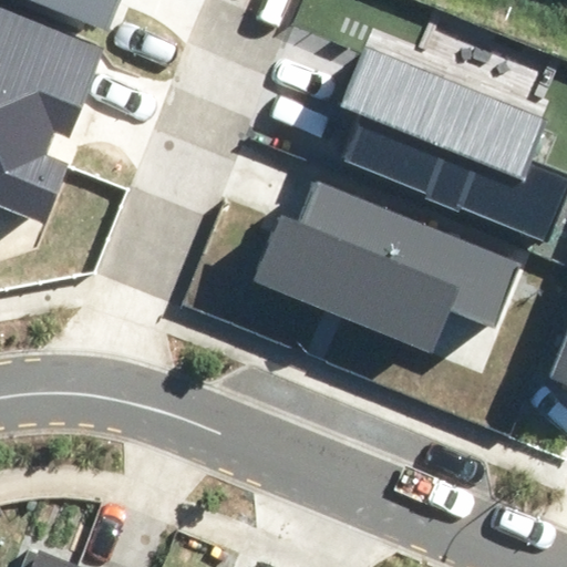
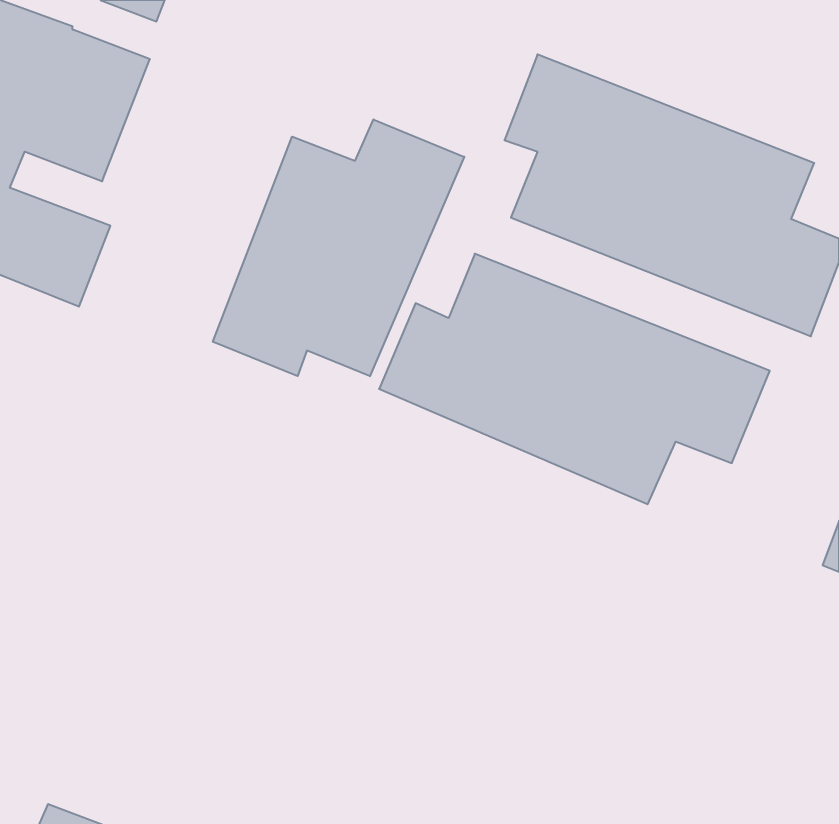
building: none -> [213,119,464,376]

